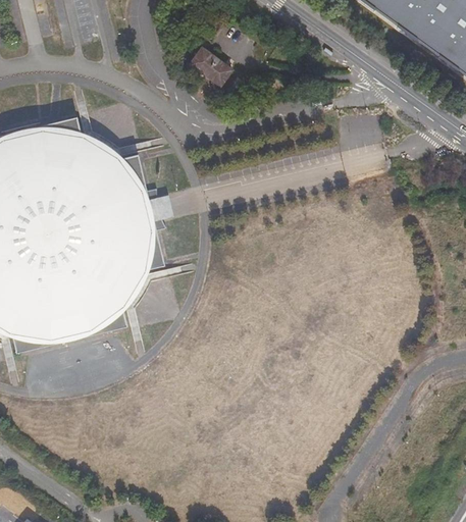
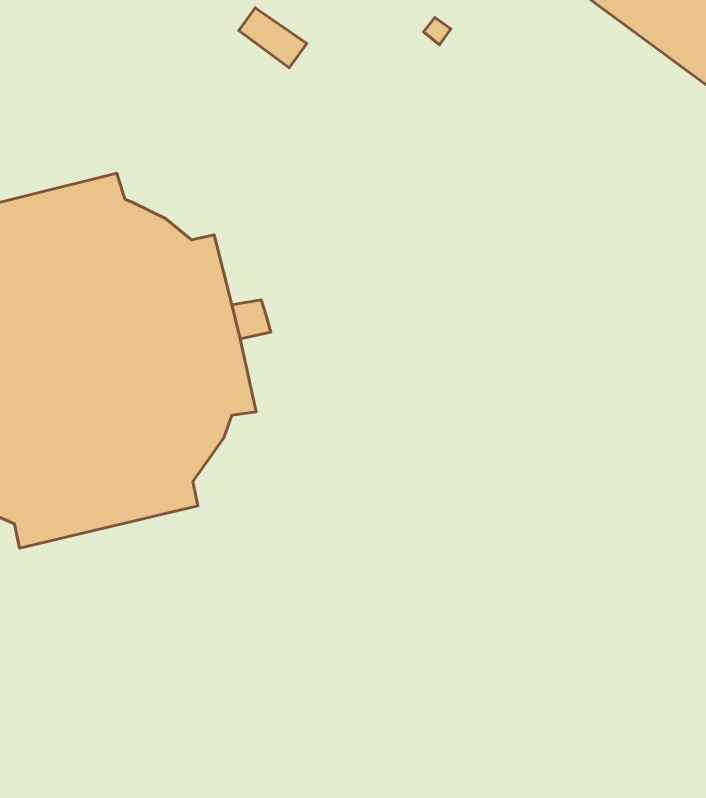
building: [189,46,231,84] -> [239,8,307,68]

